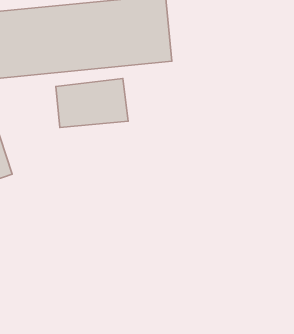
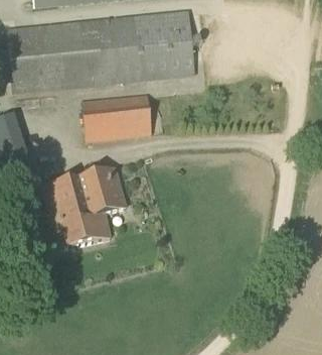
building: none -> [44,168,127,251]

